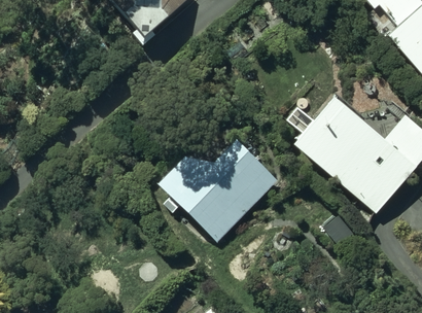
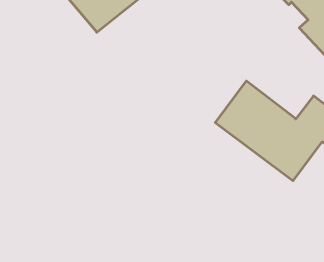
building: [157,138,279,242] -> none

